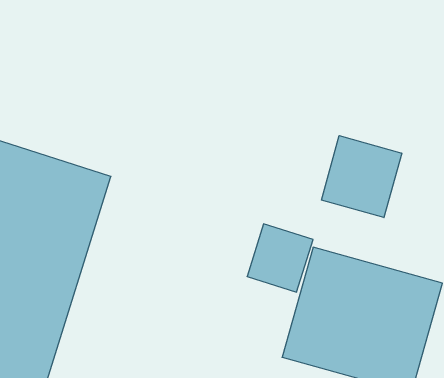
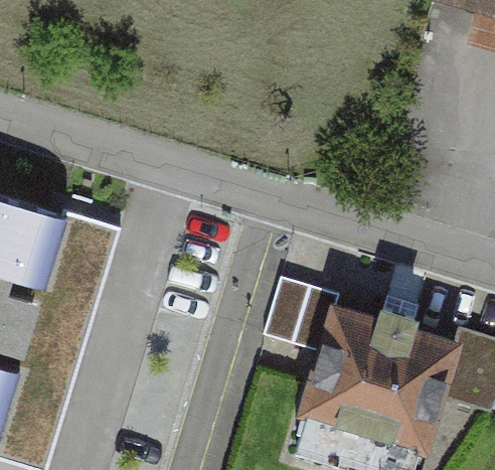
building: [321,136,402,218] -> none

